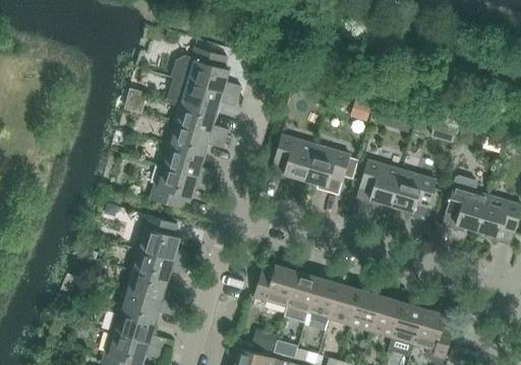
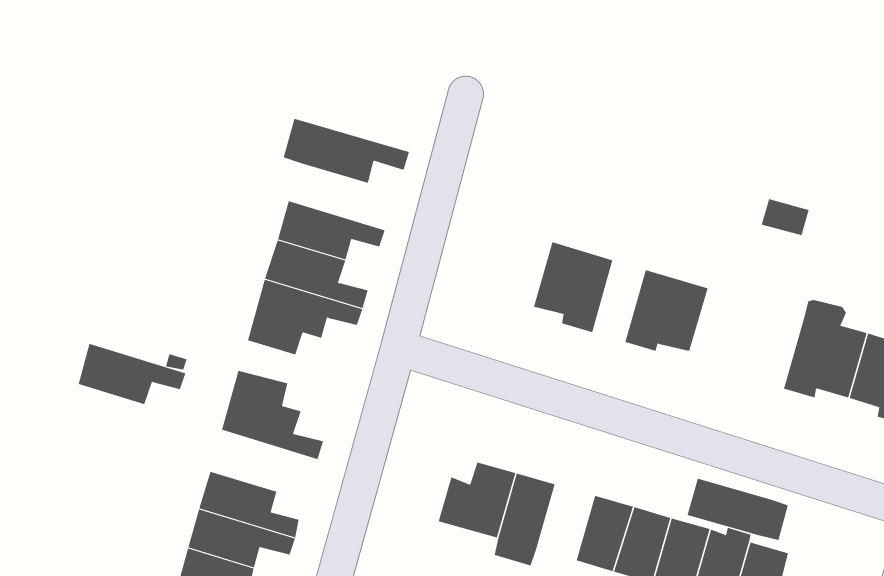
building: [174,44,242,97] -> none
building: [173,103,229,139] -> none
building: [270,135,316,181] -> none
building: [392,171,437,221] -> none
building: [130,248,189,282] -> [78,343,186,405]
building: none -> [687,478,788,541]
building: [308,278,340,319] -> none

